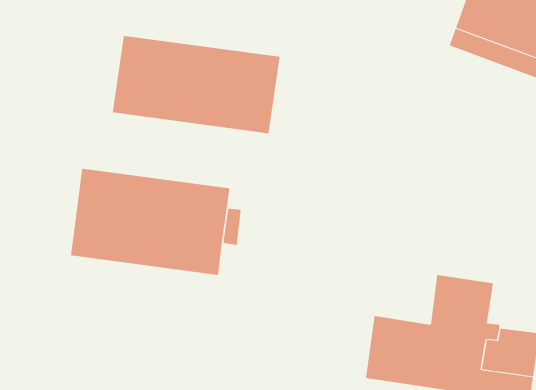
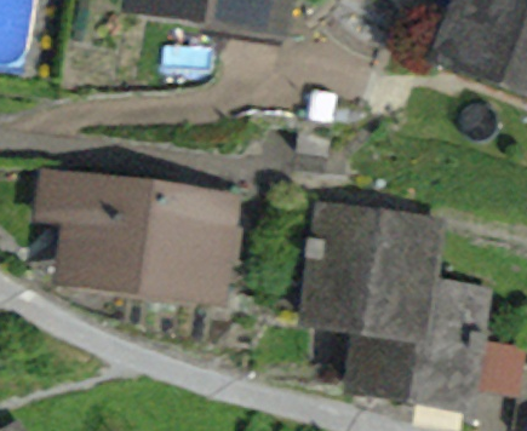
building: [112,35,280,134] -> none
building: none -> [307,205,434,328]

